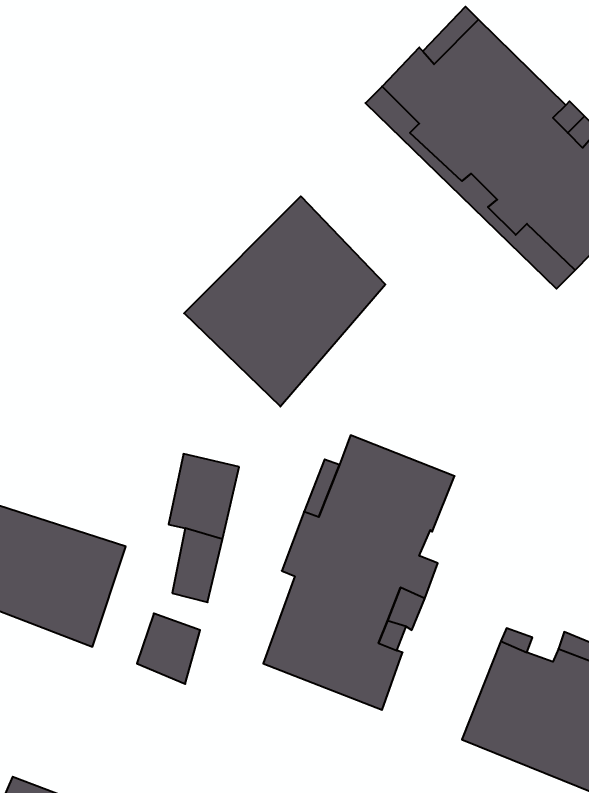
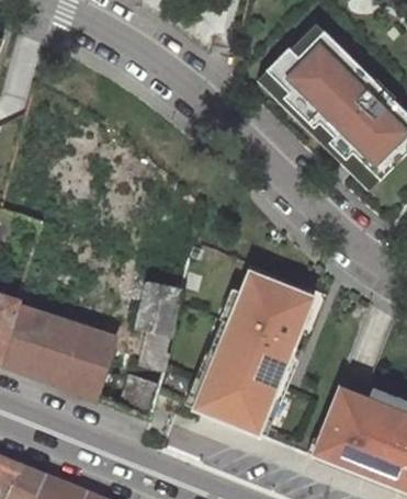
building: [184,196,385,407] -> none

